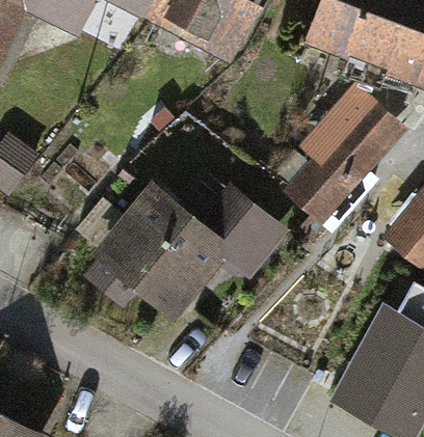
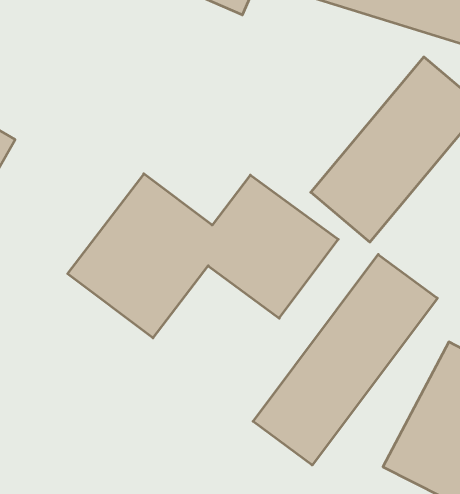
building: none -> [253,254,437,465]

